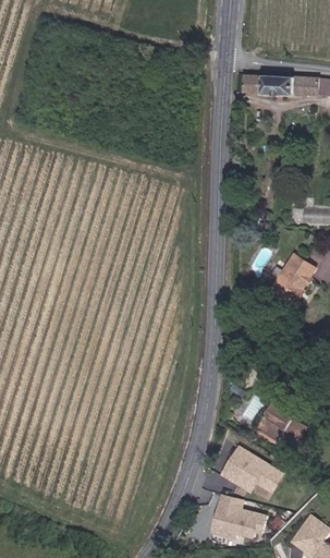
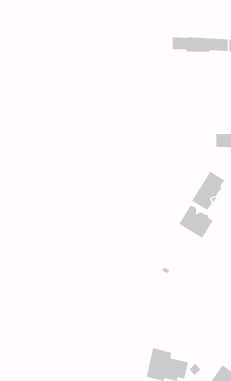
building: none -> [178,205,214,239]
building: [258,404,308,450] -> none
building: [217,445,281,493] -> none

